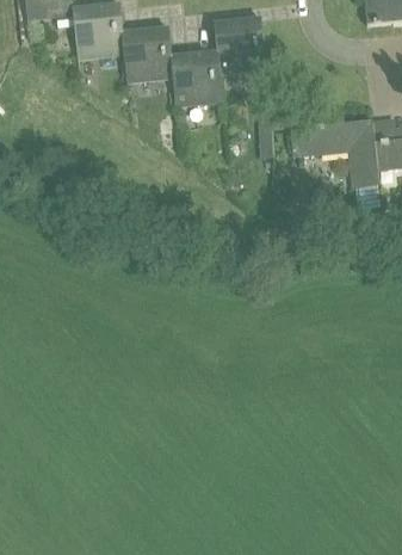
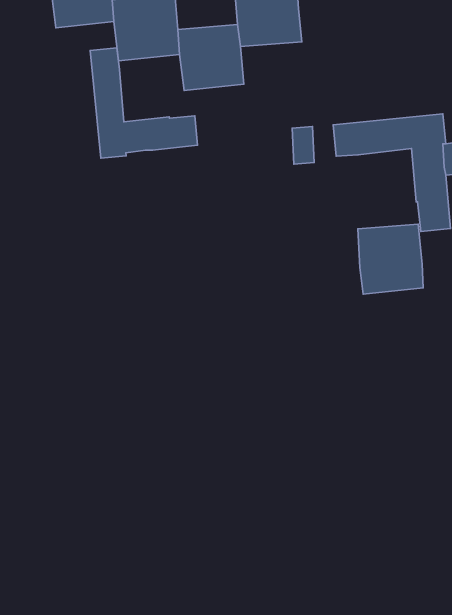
building: none -> [90,48,198,158]
building: none -> [358,224,423,294]

